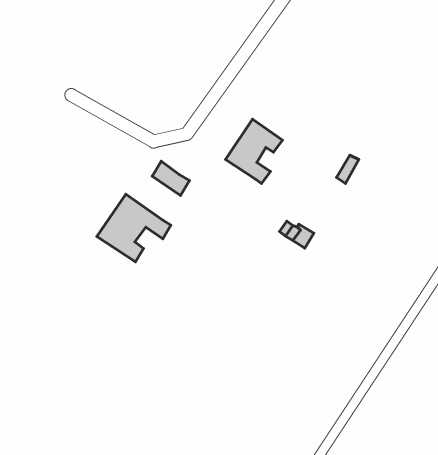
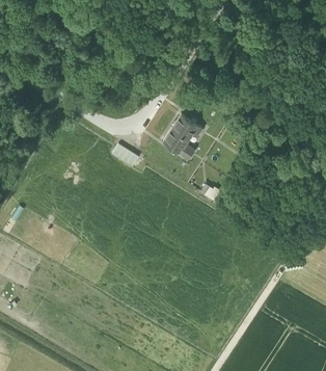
building: [97,194,171,262] -> none

